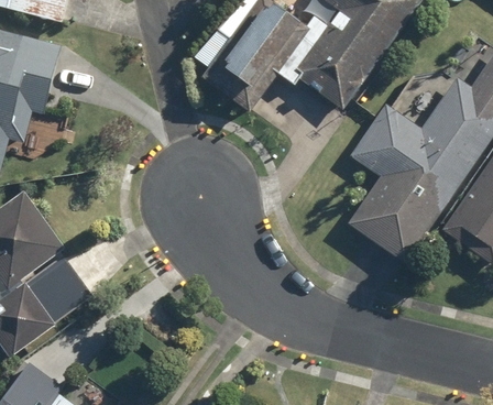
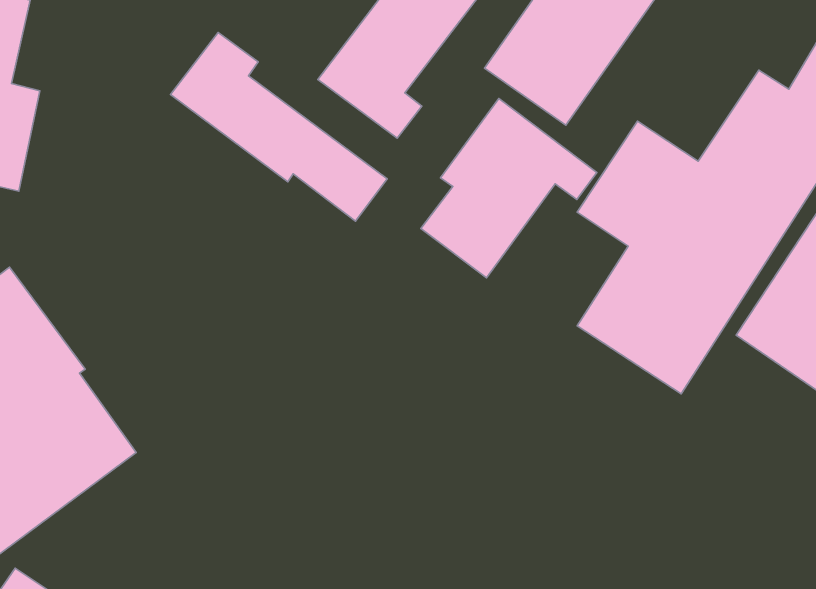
building: none -> [170,32,387,221]
building: none -> [421,98,597,278]

